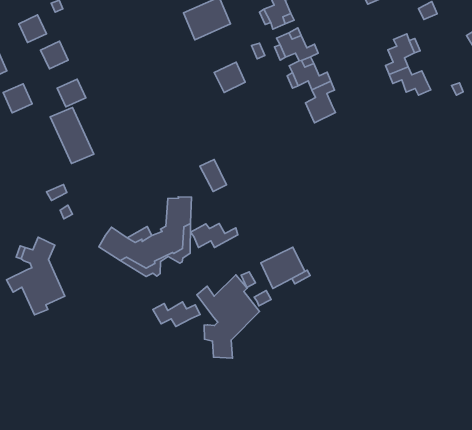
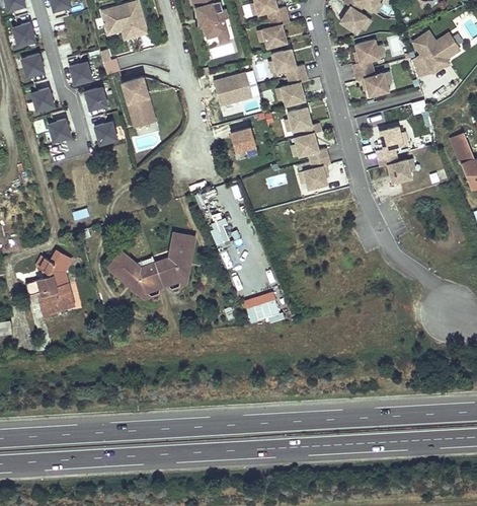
building: [50,107,94,163] -> [122,78,154,126]
building: [191,224,238,248] -> none
building: [197,275,259,358] -> none
building: [153,302,200,326] -> none

